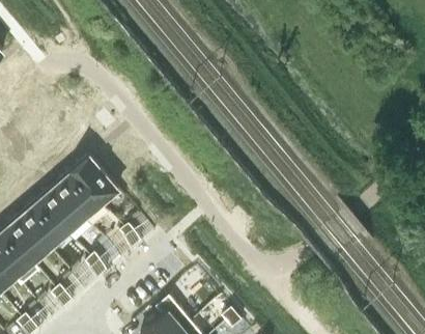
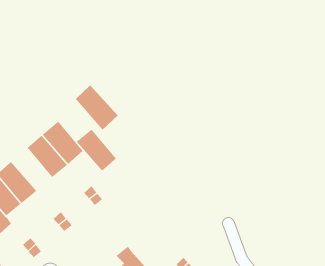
building: none -> [74,84,118,130]
building: [36,189,82,236] -> [76,129,117,172]

